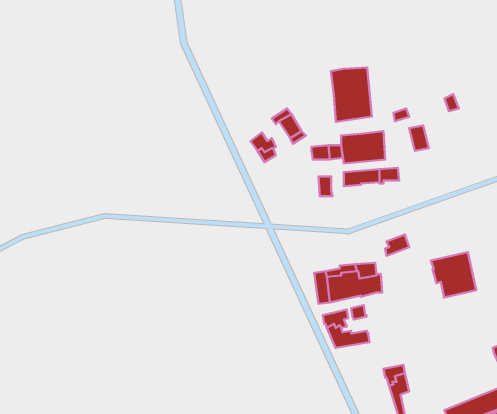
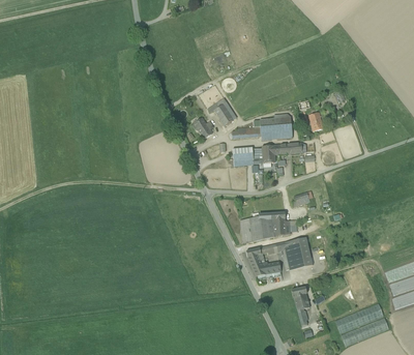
building: [331,68,372,122] -> none
building: [431,252,476,297] -> [279,237,313,270]

